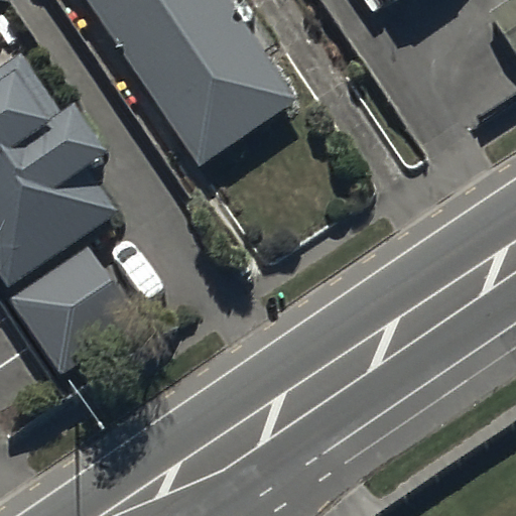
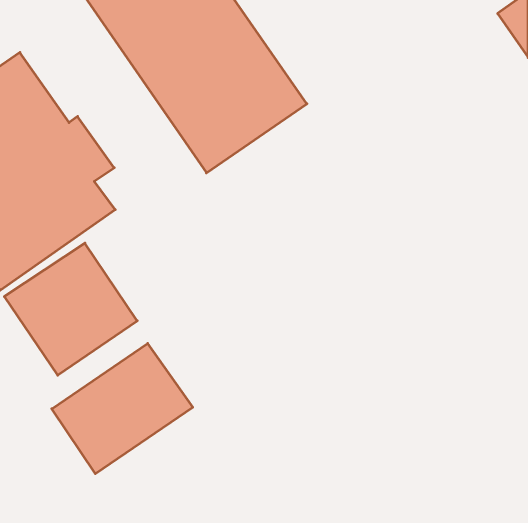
building: none -> [52,343,193,474]

